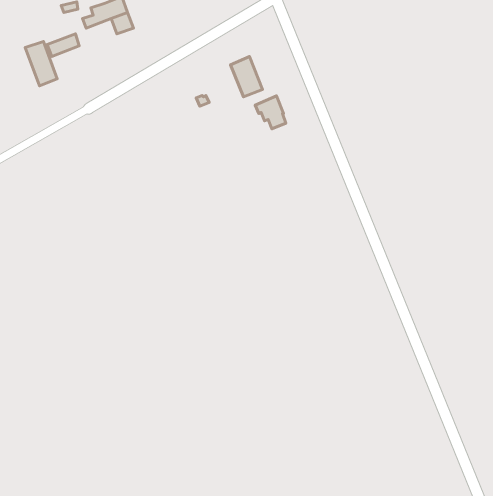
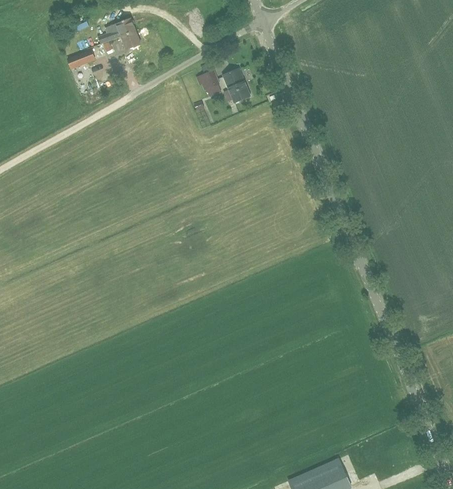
building: [25,41,57,86] -> none
building: [255,96,286,129] -> [196,70,222,98]

